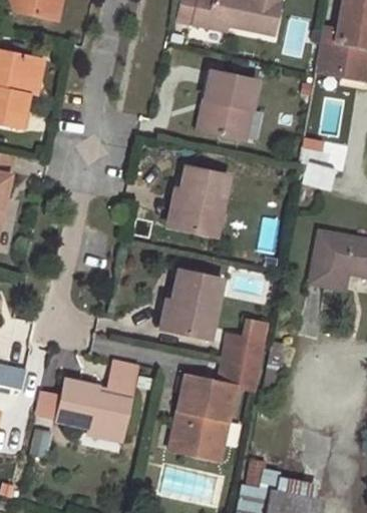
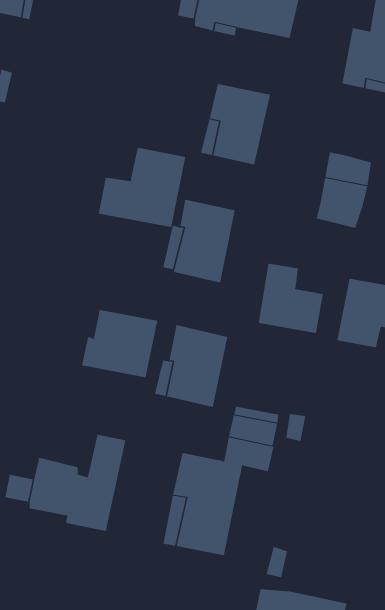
building: none -> [98,147,186,228]
building: none -> [258,263,323,334]
building: none -> [82,309,158,378]

